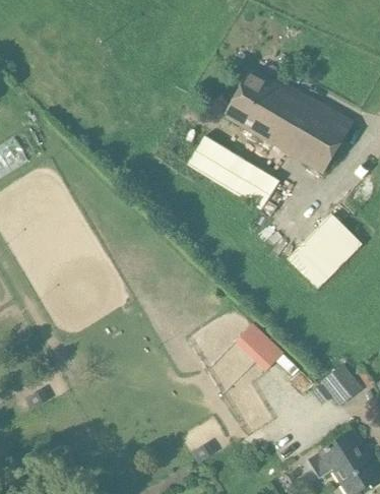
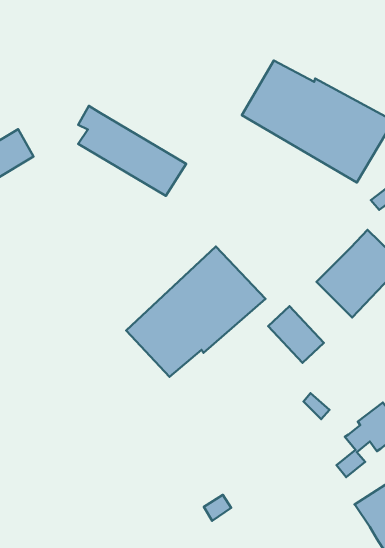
building: [188,131,280,208] -> [78,106,186,196]
building: none -> [126,247,265,377]
building: [233,321,280,370] -> [268,306,324,363]

